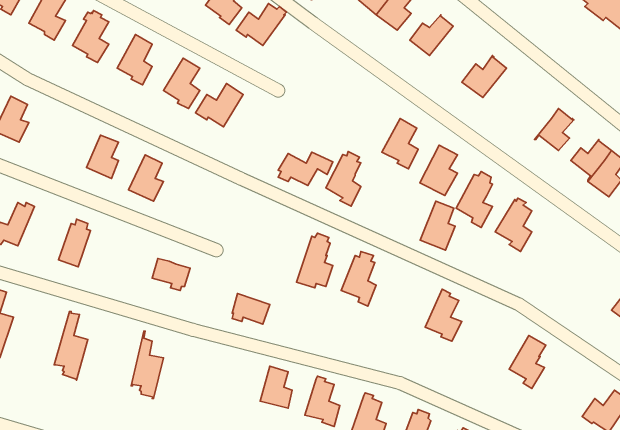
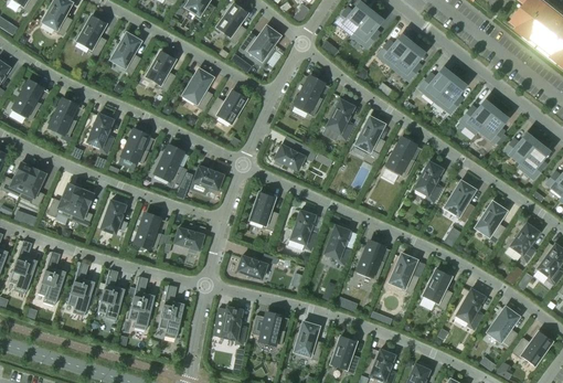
building: none -> [393,43,423,79]
building: none -> [294,75,323,116]
building: none -> [435,76,465,113]
building: none -> [460,99,495,132]
building: none -> [87,109,114,152]
building: [326,152,361,206] -> [327,96,354,139]
building: none -> [193,164,223,192]
building: [420,201,455,250] -> [357,241,384,279]
building: none -> [68,185,93,225]
building: none -> [249,189,278,228]
building: none -> [476,199,506,241]
building: none -> [135,212,161,248]
building: none -> [510,220,539,260]
building: none -> [67,260,94,315]
building: none -> [423,266,452,307]
building: none -> [128,275,153,329]
building: none -> [488,305,518,347]
building: none -> [221,306,246,343]

